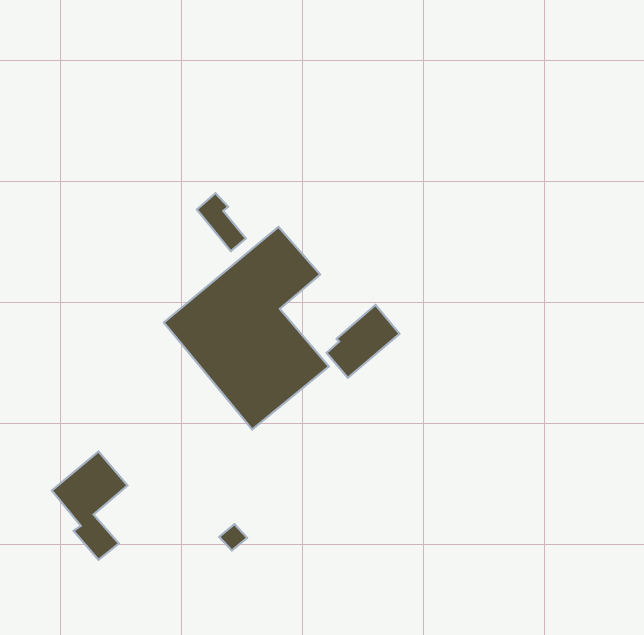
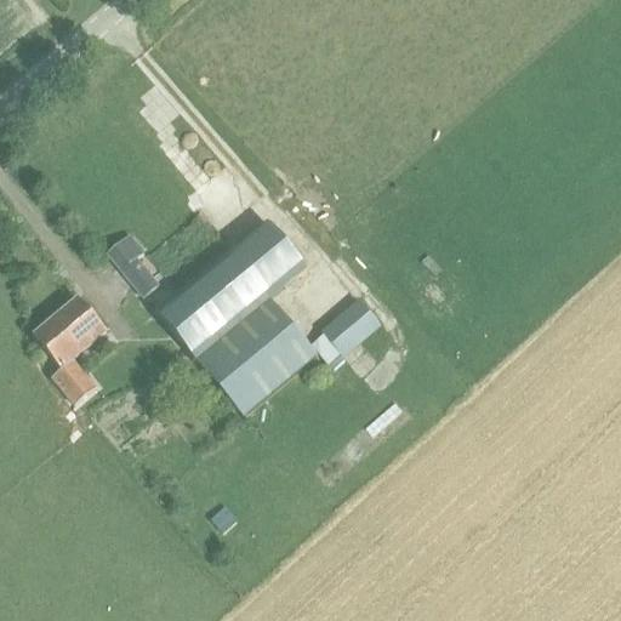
building: [197,193,246,251] -> [112,238,159,294]
building: [52,451,128,560] -> [34,295,107,399]

